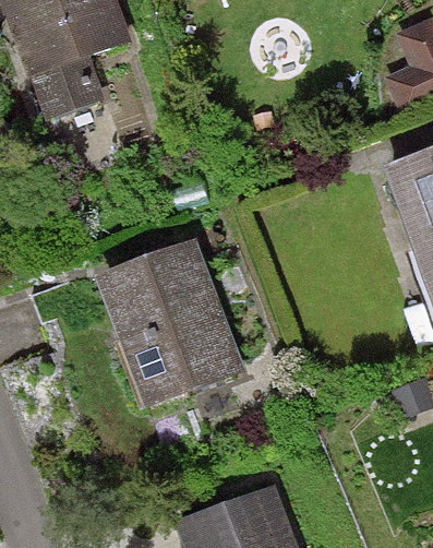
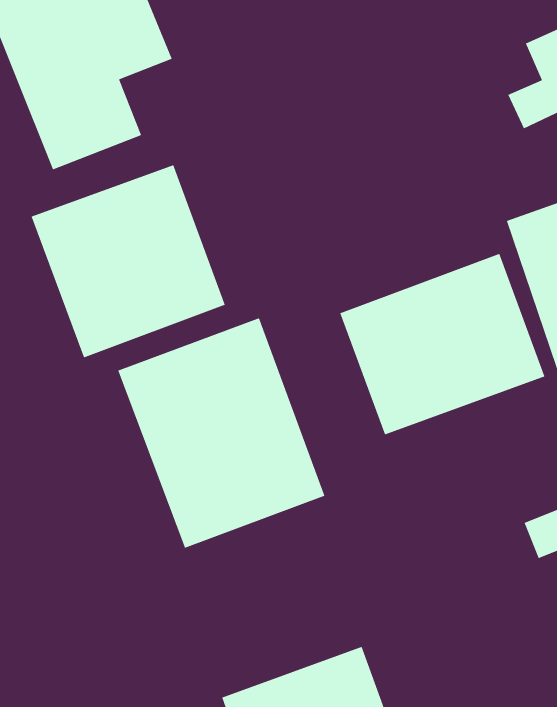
building: none -> [31,164,226,358]
building: none -> [339,253,546,436]

